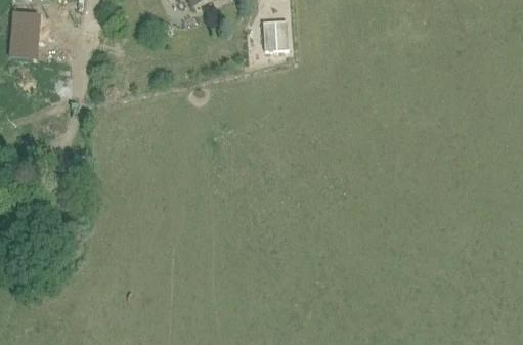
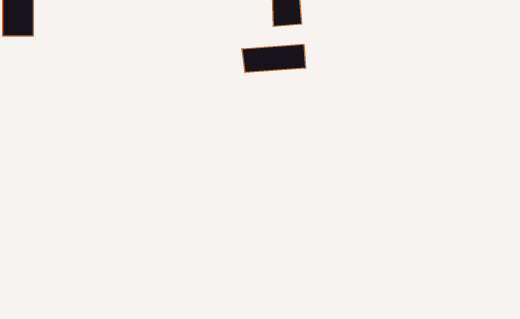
building: none -> [242,44,306,73]

